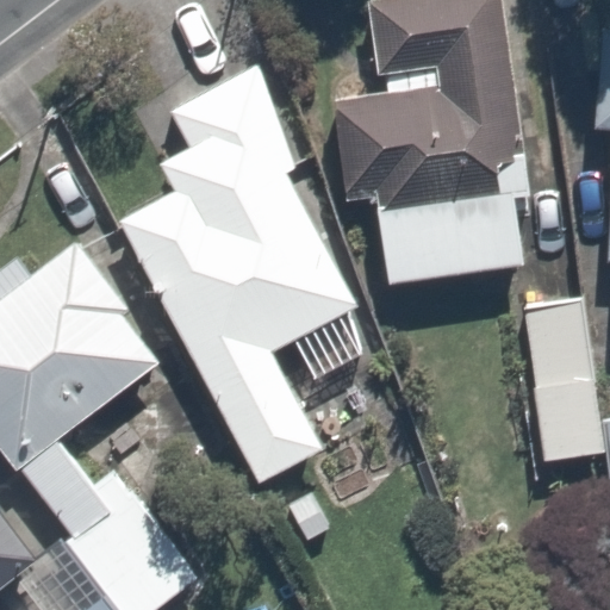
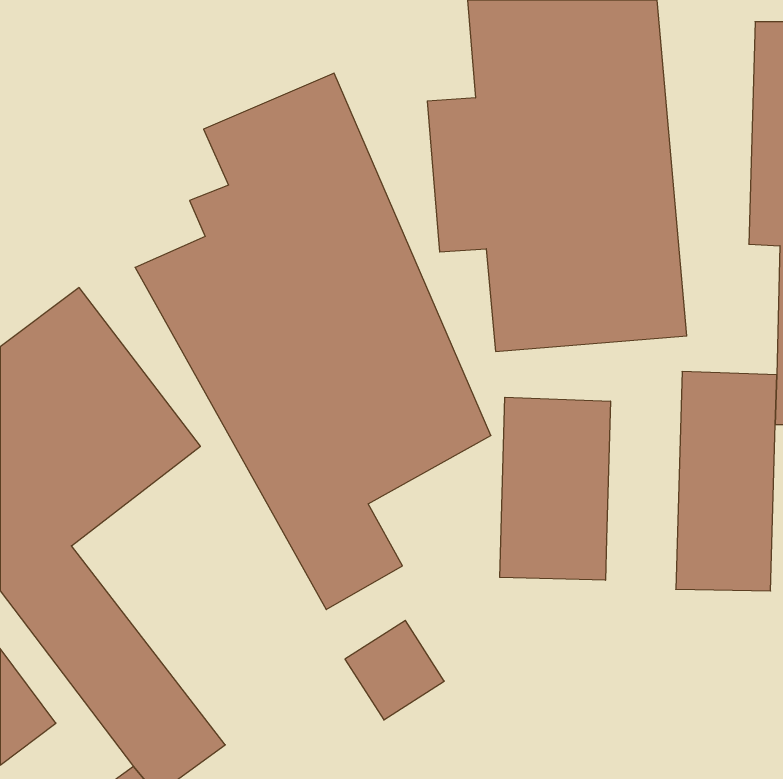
building: none -> [500,397,610,580]

